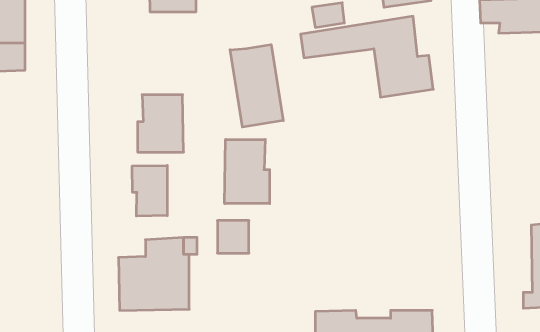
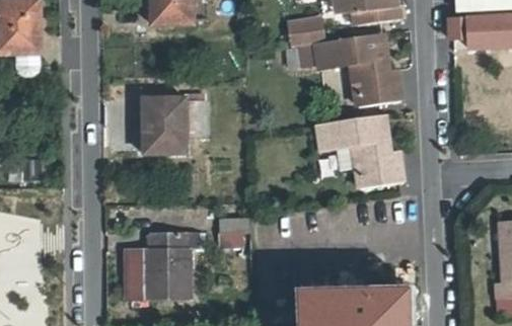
building: [230,45,283,127] -> none
building: none -> [317,111,409,186]
building: [225,139,270,204] -> none
building: [132,165,167,216] -> none

